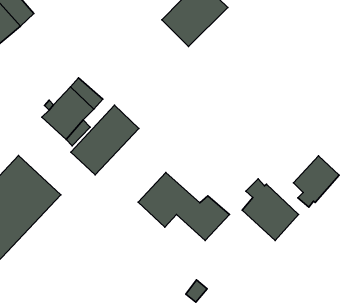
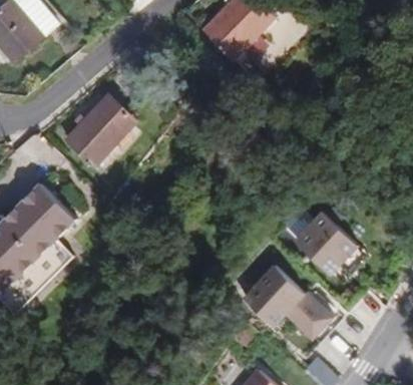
building: [71,105,139,175] -> none
building: [294,156,339,207] -> none
building: [138,173,229,240] -> [243,267,345,343]

